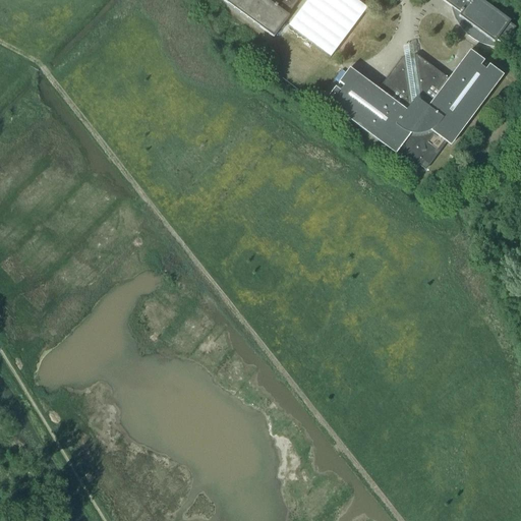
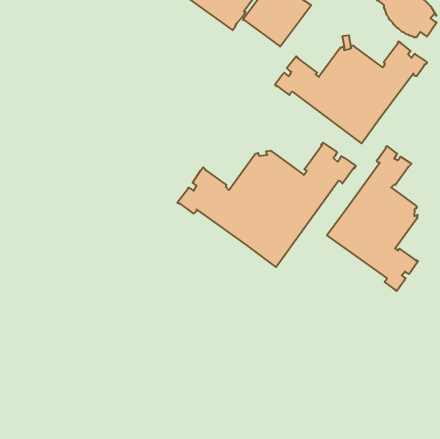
building: none -> [178,143,356,267]
building: none -> [327,146,418,291]

